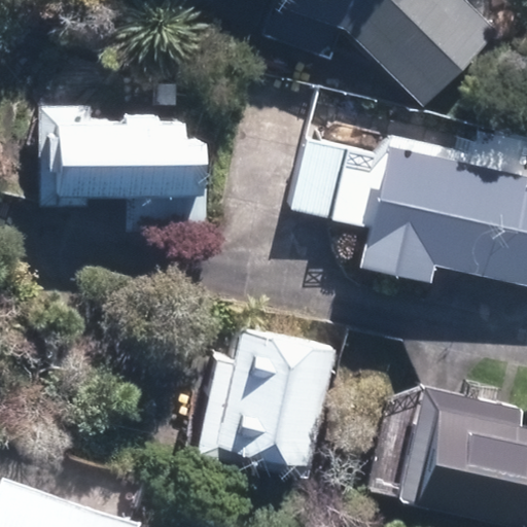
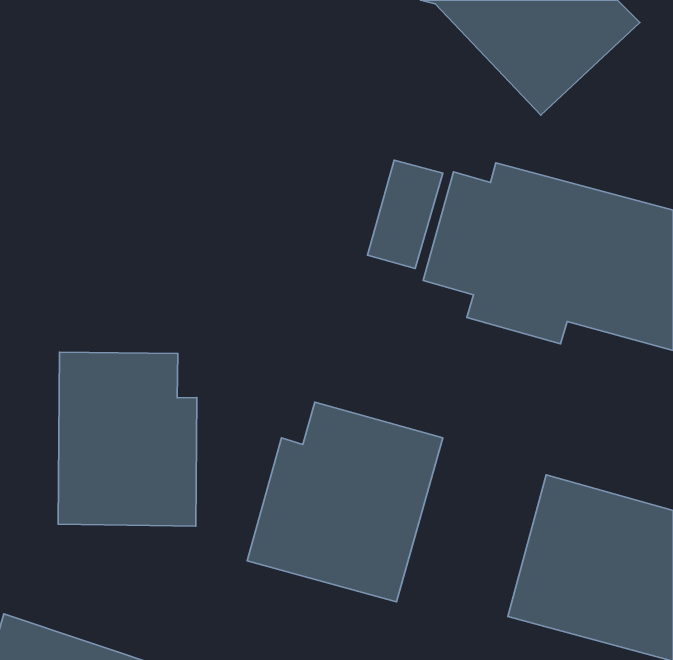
building: [38,103,205,233] -> none
building: none -> [58,352,197,526]

